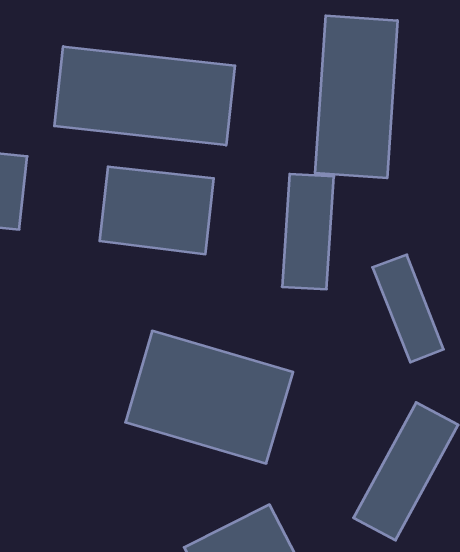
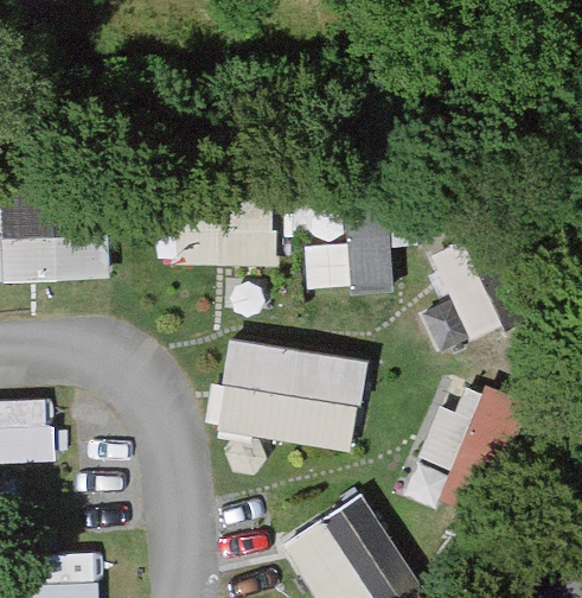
building: [315,16,397,178] -> none
building: [54,46,235,145] -> none

